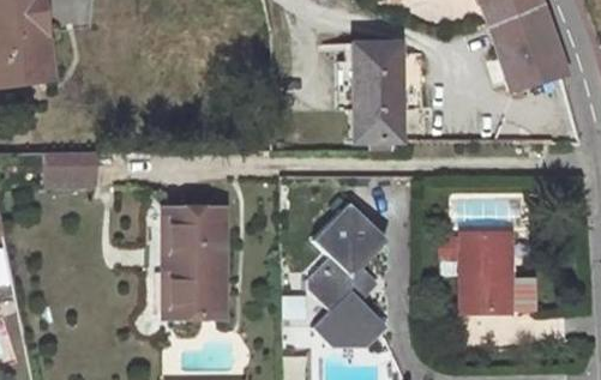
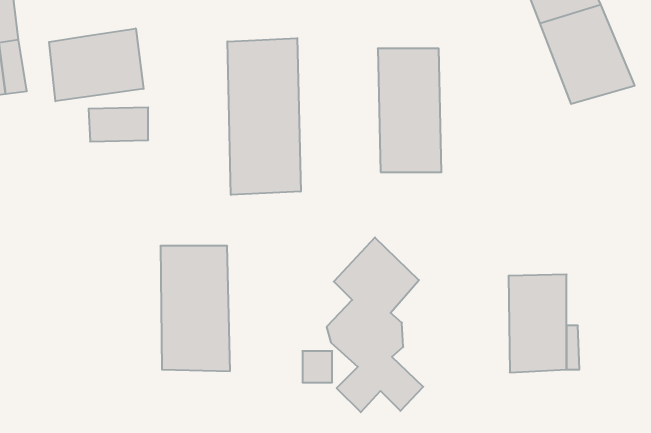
building: none -> [49,28,144,101]
building: none -> [227,38,301,195]
building: [48,150,98,179] -> [89,107,148,142]

